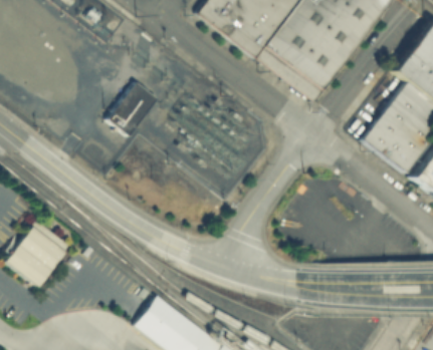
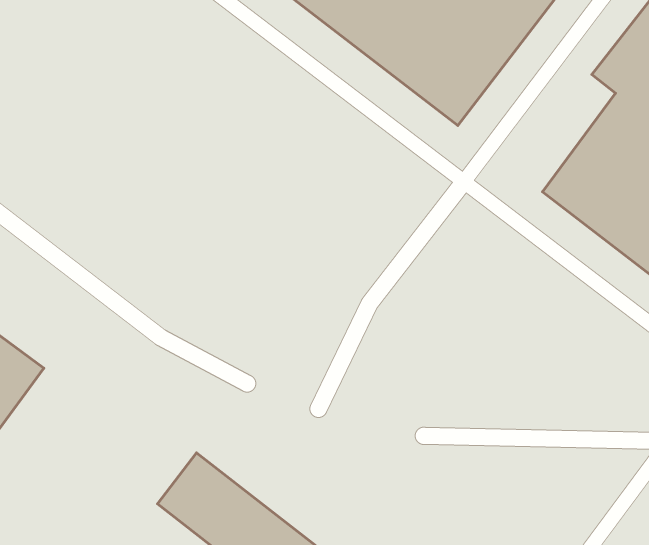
building: [107,81,157,134] -> none

